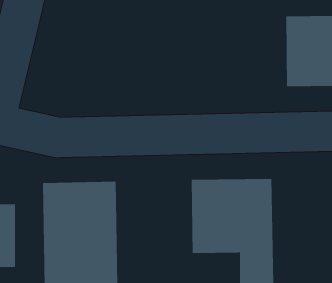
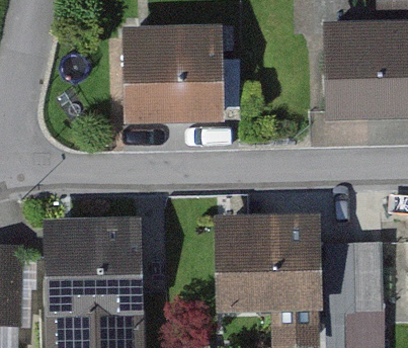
building: none -> [133,37,218,120]
building: none -> [328,247,380,312]

